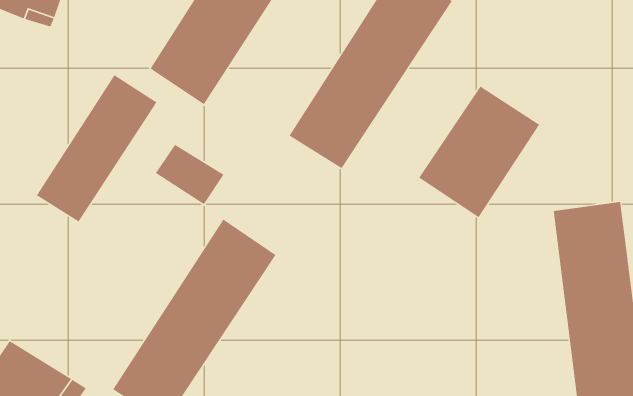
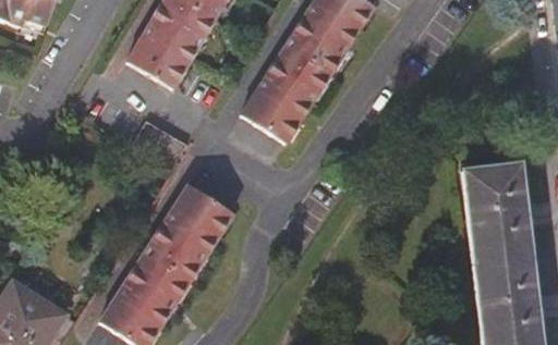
building: [36,74,157,223] -> none
building: [418,85,540,218] -> none

